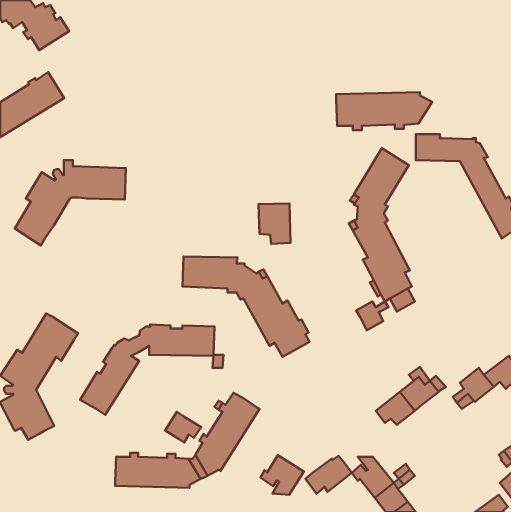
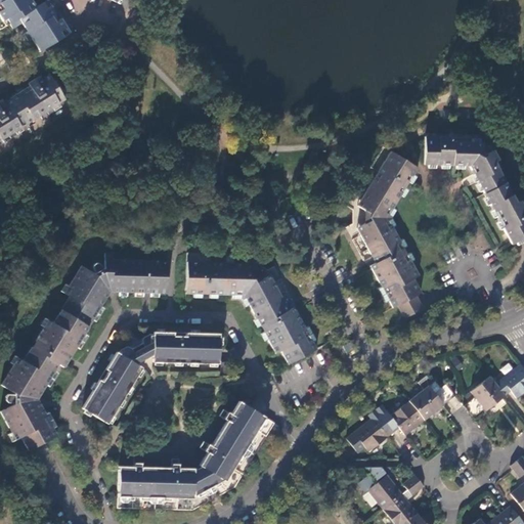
building: [336,92,432,130] -> none
building: [15,160,126,245] -> [54,254,168,341]
building: [258,203,290,244] -> none
building: [356,301,388,330] -> none
building: [165,412,201,442] -> none
building: [260,455,304,495] -> none
building: [306,456,352,494] -> [347,414,394,453]

